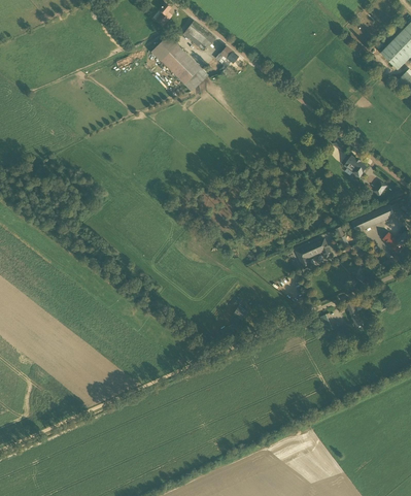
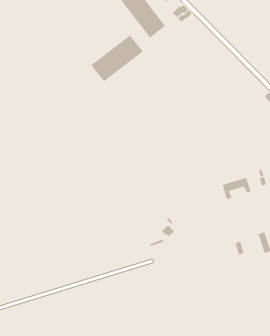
building: none -> [90,34,144,82]

